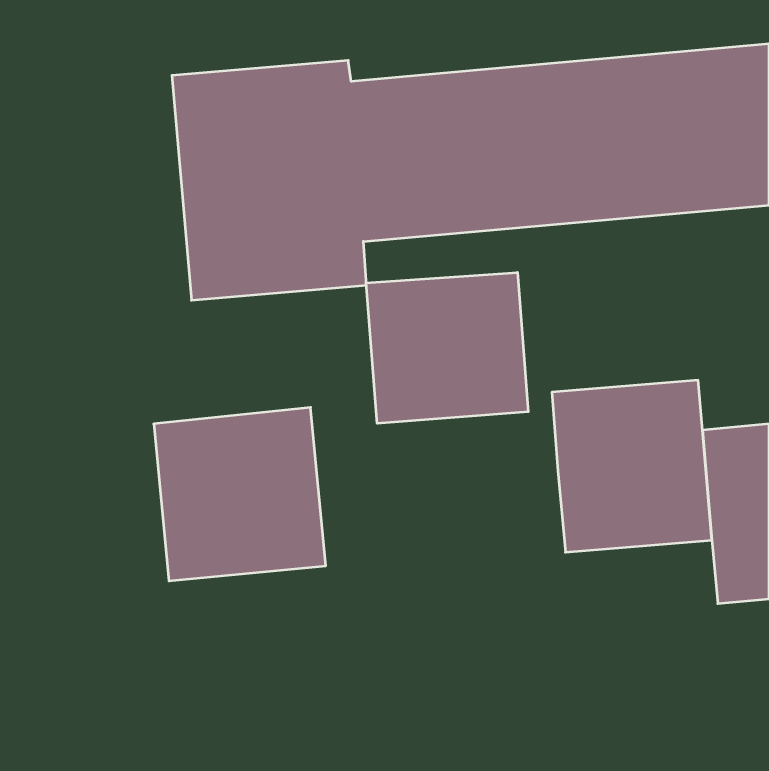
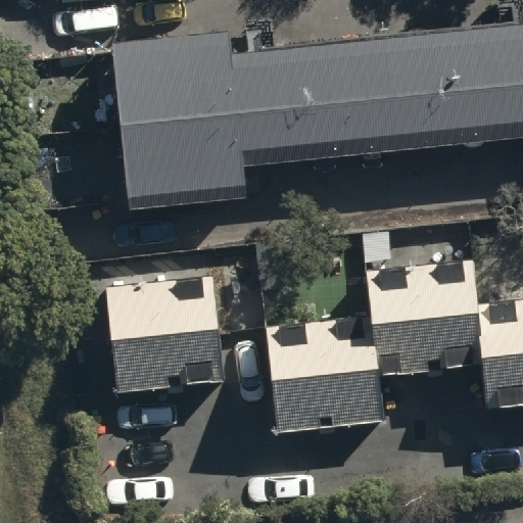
building: [366,272,528,423] -> none
building: none -> [272,319,386,427]

